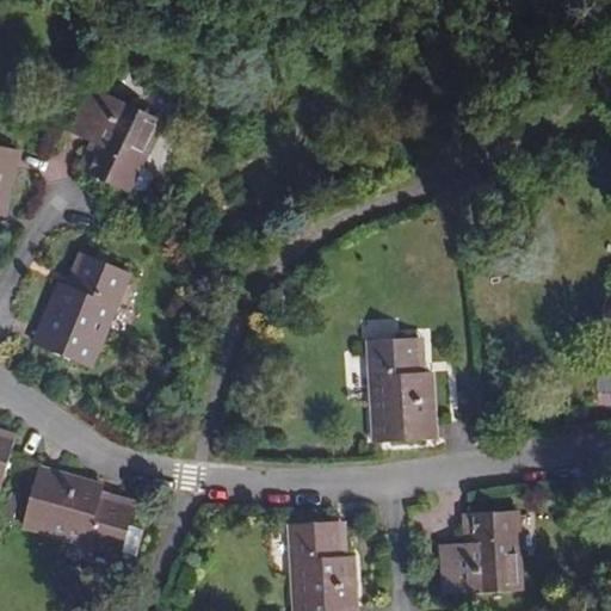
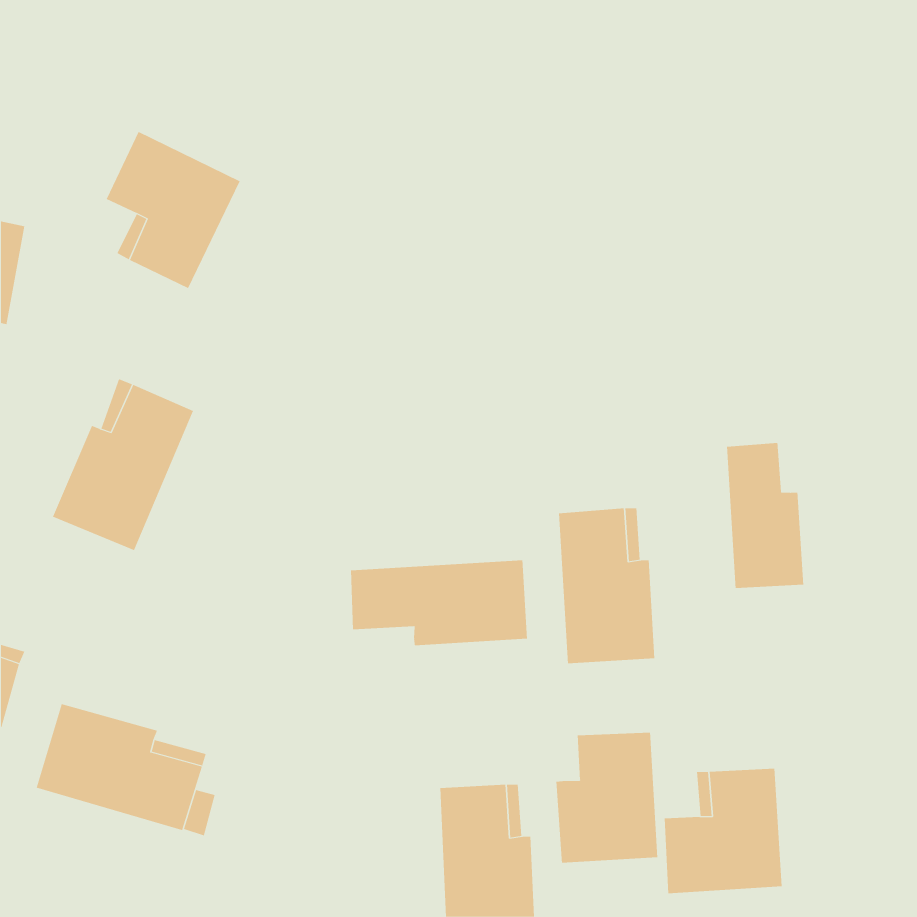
building: none -> [727,442,804,589]
building: none -> [350,560,527,646]
building: none -> [556,732,658,864]

